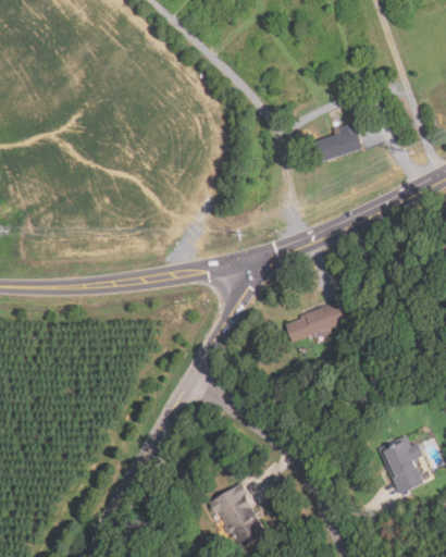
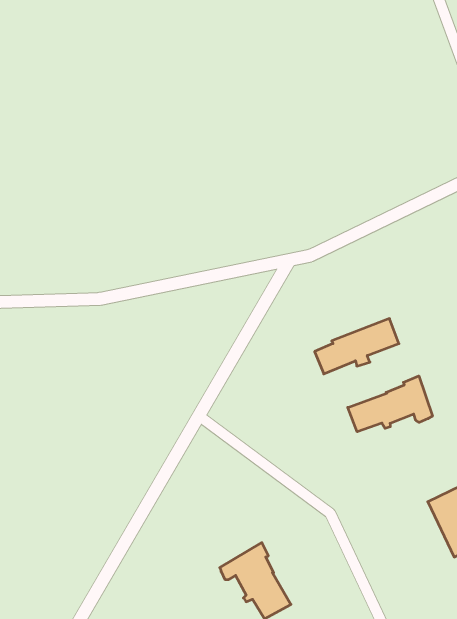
building: [314,122,360,161] -> none
building: none -> [348,376,432,432]

